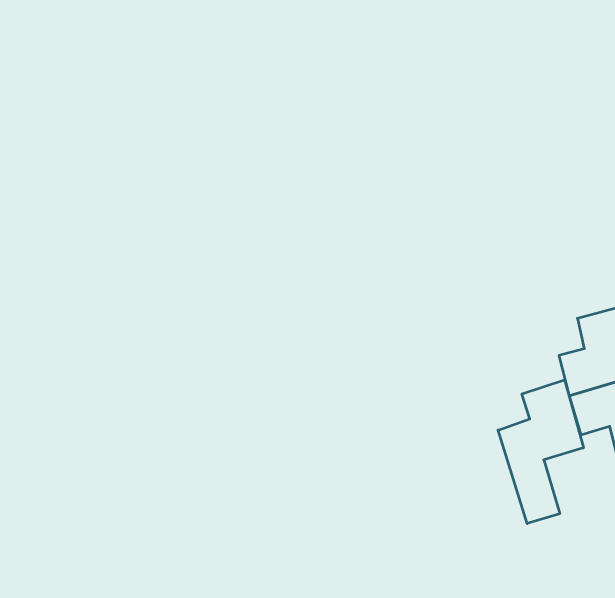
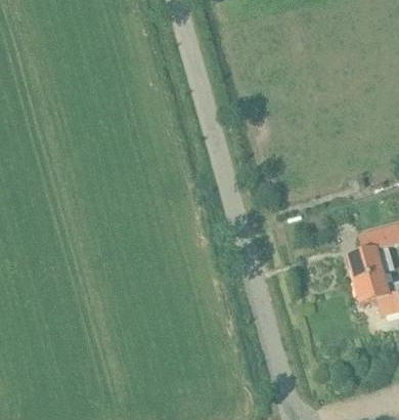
building: [498,380,583,524] -> none

